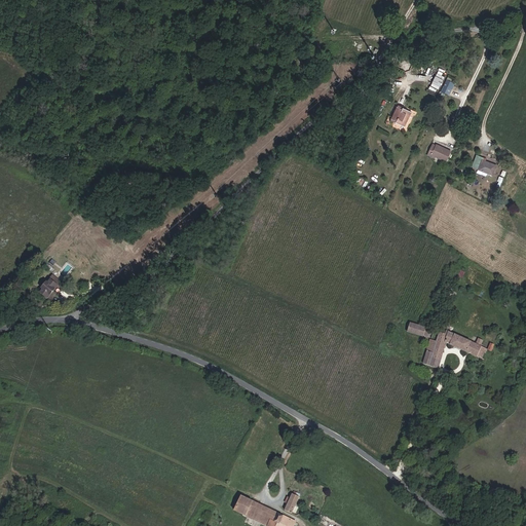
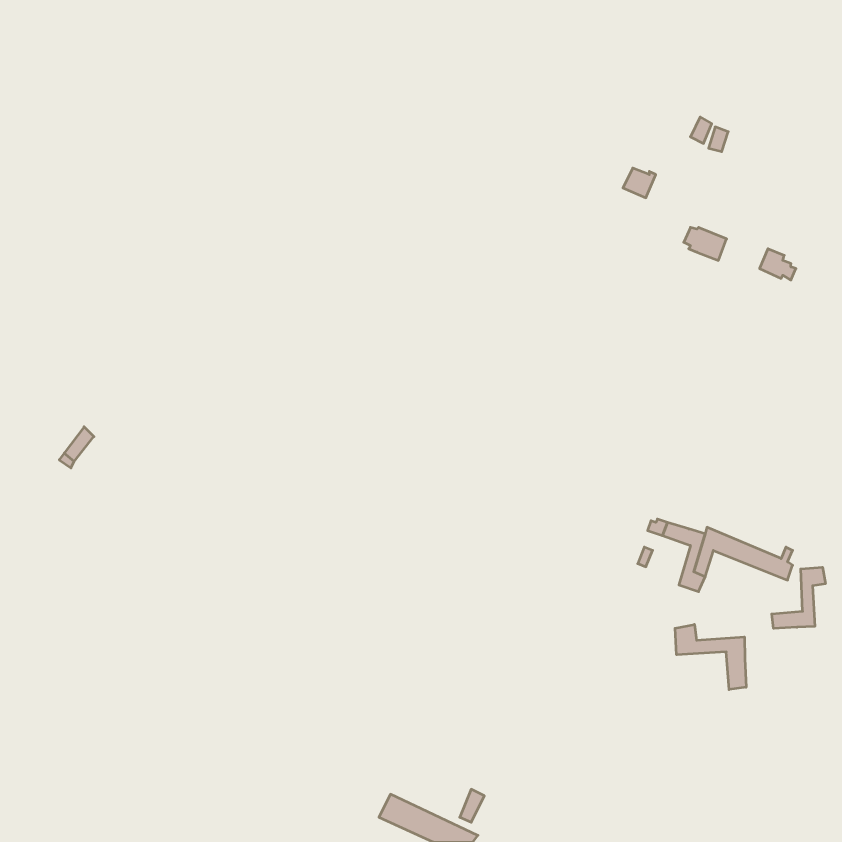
building: none -> [772,567,825,628]
building: none -> [675,624,746,690]

